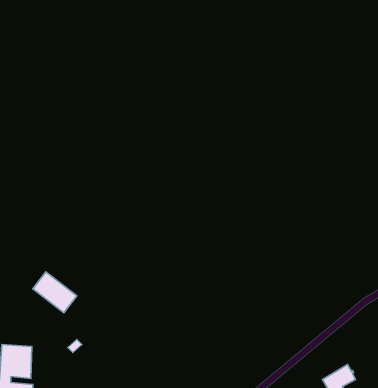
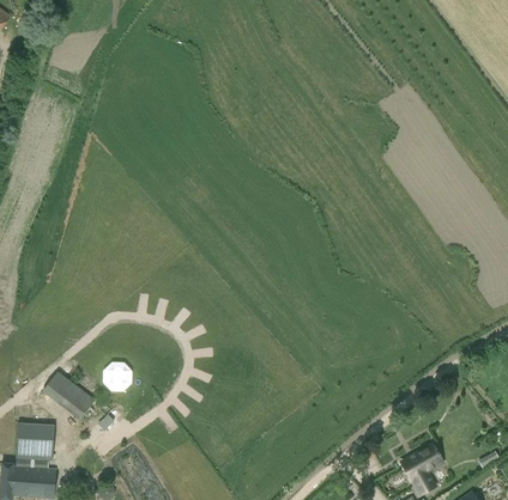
building: [33,272,77,313] -> [42,371,95,420]

